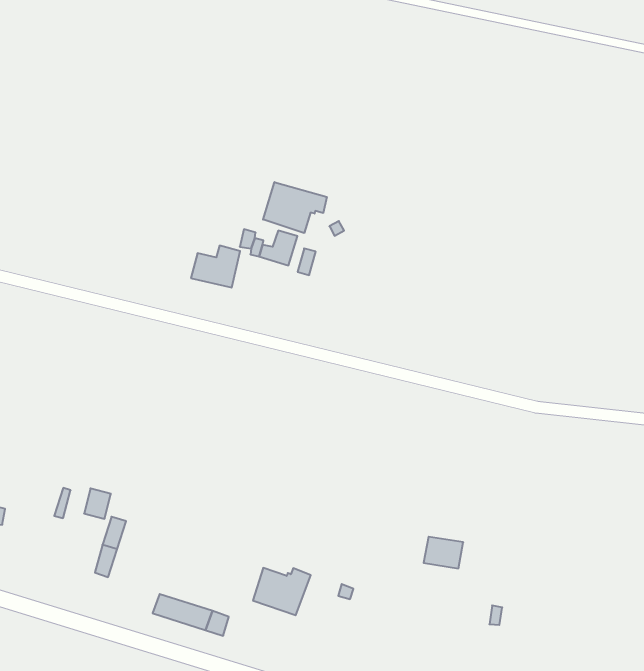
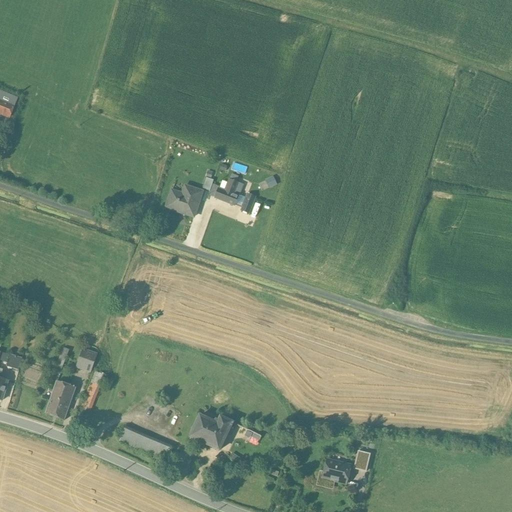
building: [263,182,327,233] -> none
building: [424,537,463,568] -> [322,458,351,482]
building: none -> [45,379,76,418]

